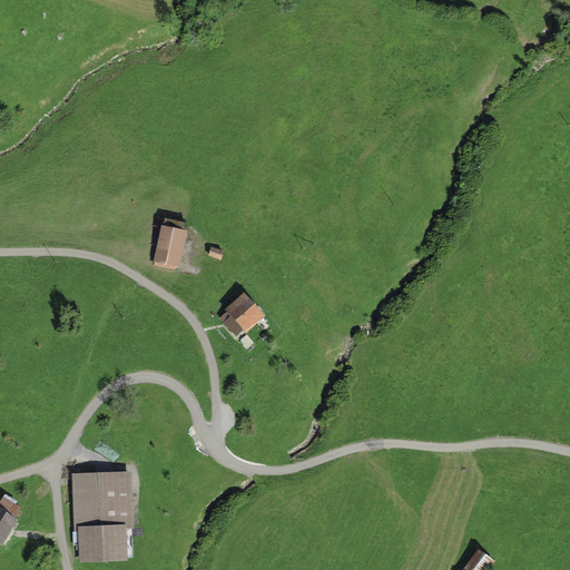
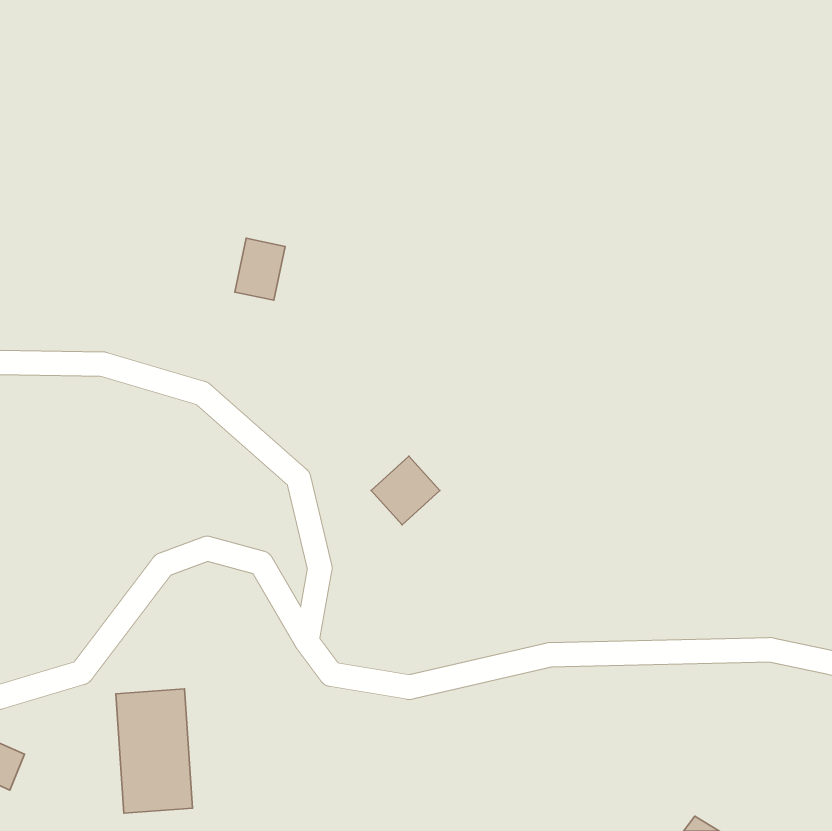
building: [151,225,186,267] -> [235,238,285,300]
building: [216,292,263,338] -> [371,456,440,525]

